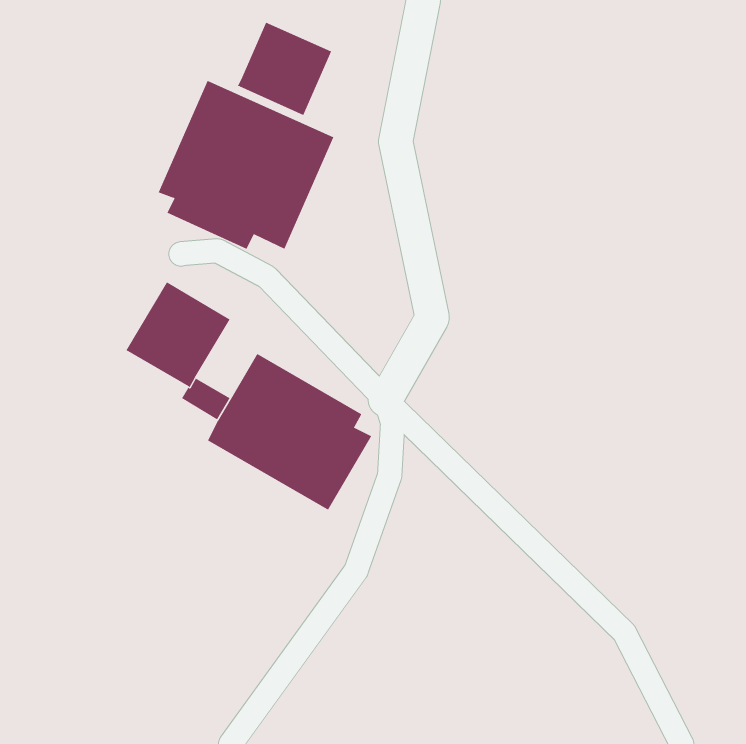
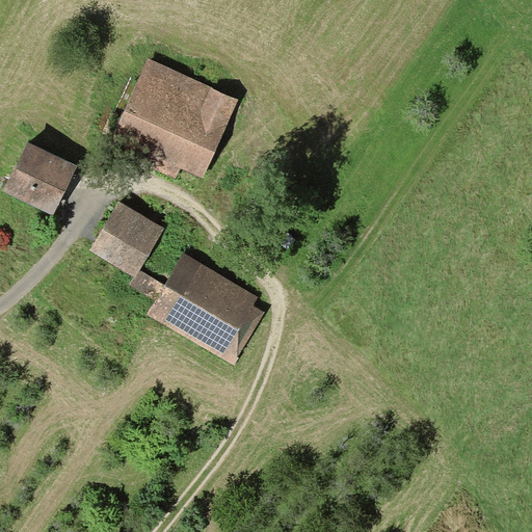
building: [237,22,332,116] -> none
building: none -> [5,140,77,213]

